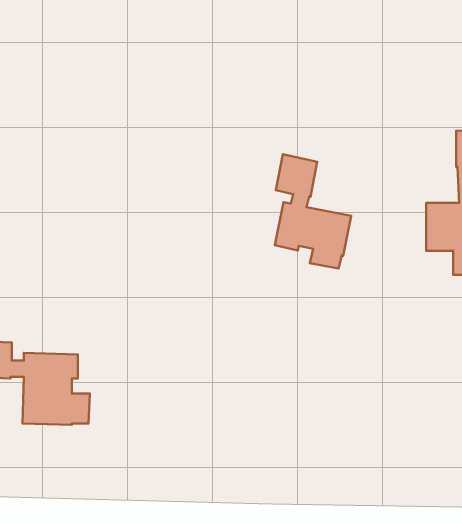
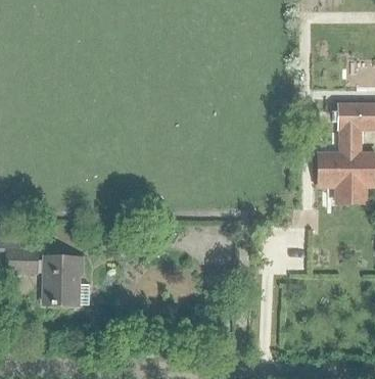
building: [275,154,351,269] -> none

